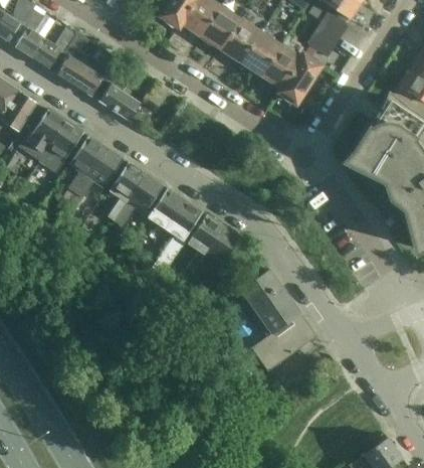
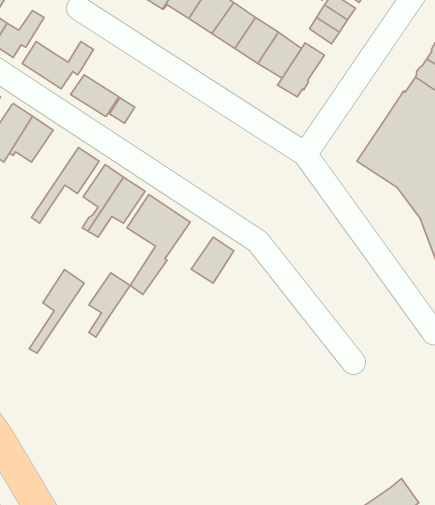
building: [57,135,105,208] -> [29,269,84,353]
building: [187,214,223,271] -> [89,273,130,337]
building: [241,270,312,371] -> none

